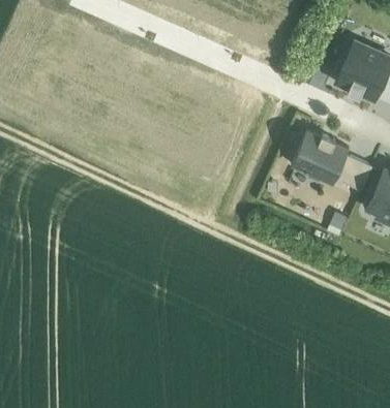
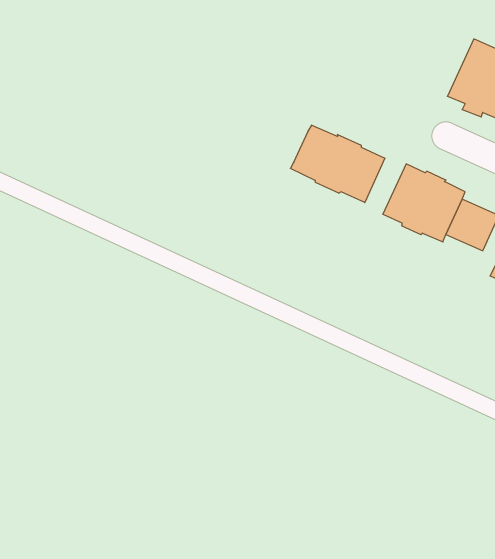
building: none -> [290,125,385,203]

